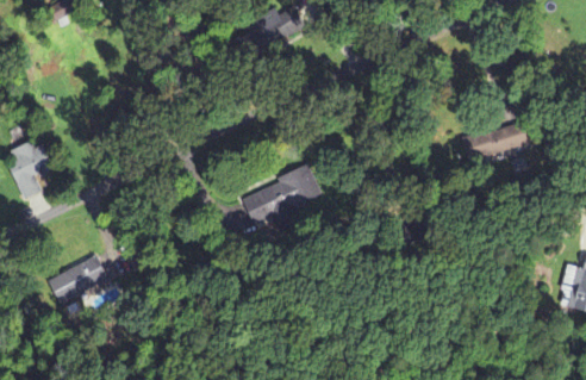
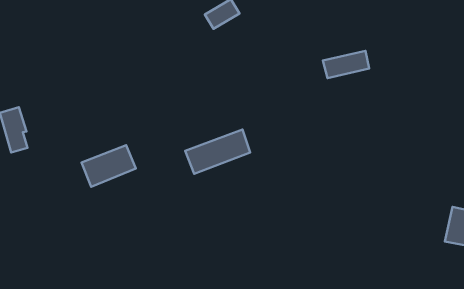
building: [461,125,518,158] -> [323,51,369,78]
building: [48,255,114,306] -> [82,145,136,187]

